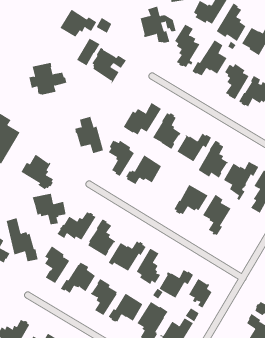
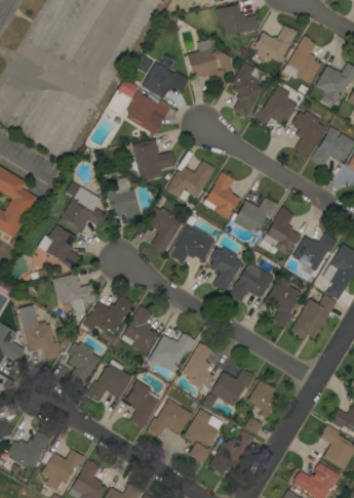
building: [60,9,97,38] -> [142,63,189,98]
building: [29,62,67,95] -> [128,139,176,180]
building: none -> [60,186,108,234]
building: none -> [210,247,243,292]
building: none -> [290,294,337,340]

